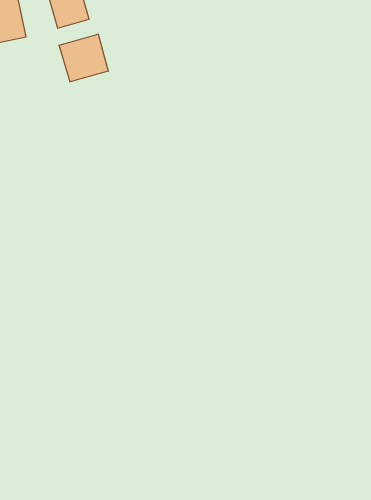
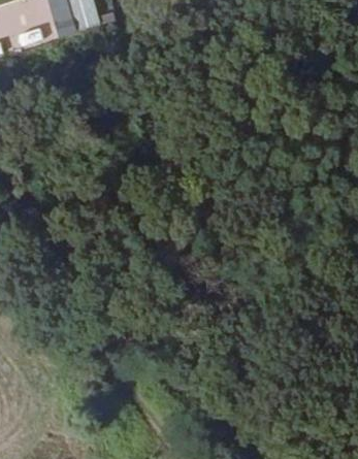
building: [59,34,108,82] -> none

